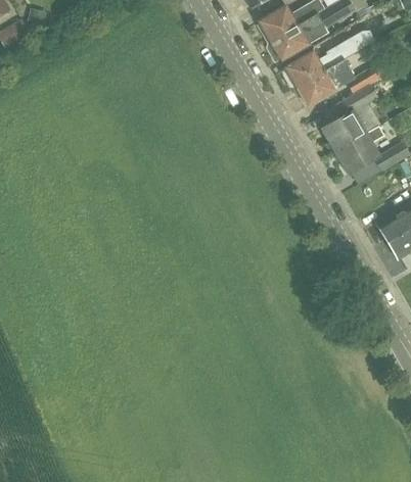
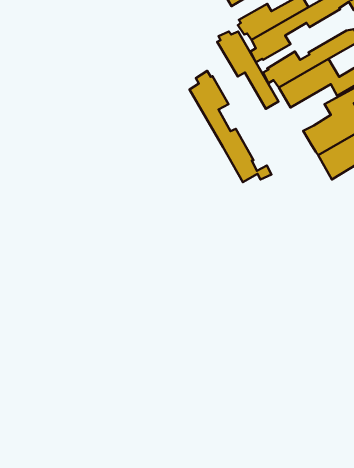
building: none -> [217,31,278,109]
building: none -> [190,71,272,182]

